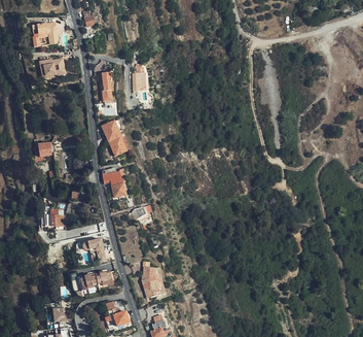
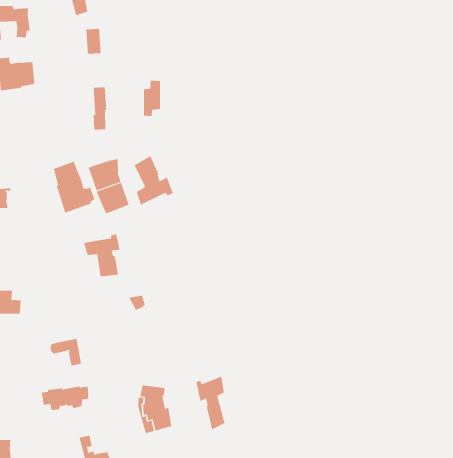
building: none -> [134,155,174,205]
building: none -> [53,161,95,213]
building: none -> [196,376,225,430]

